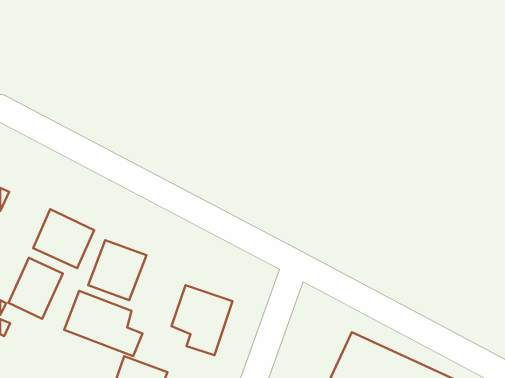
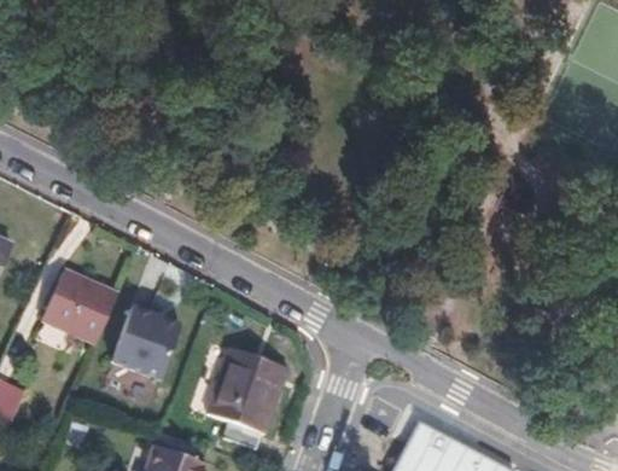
building: [8,258,63,319] -> none
building: [64,291,142,356] -> none

